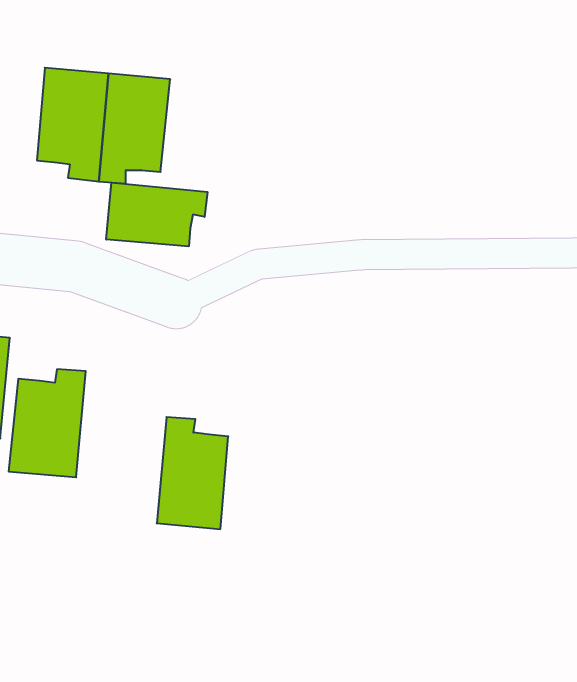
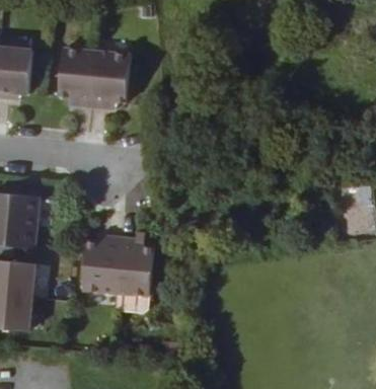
building: [106,183,207,246] -> none
building: [9,369,86,477] -> [83,232,124,289]

